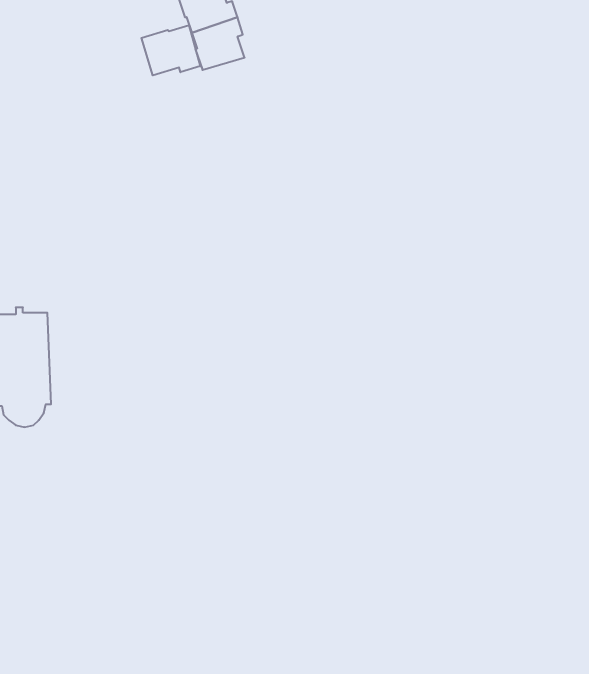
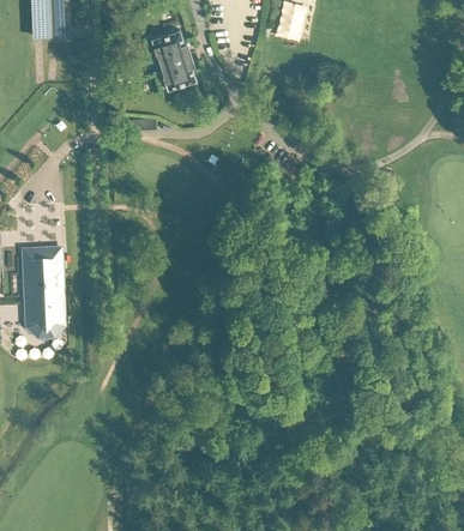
building: [141,25,200,75] -> none

